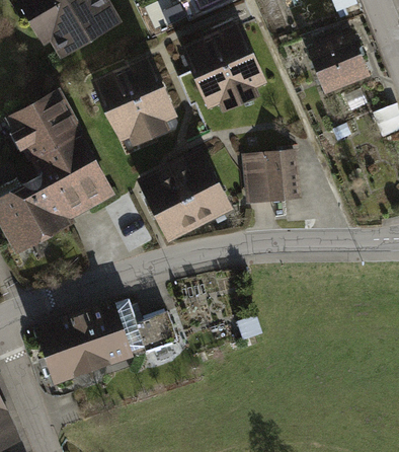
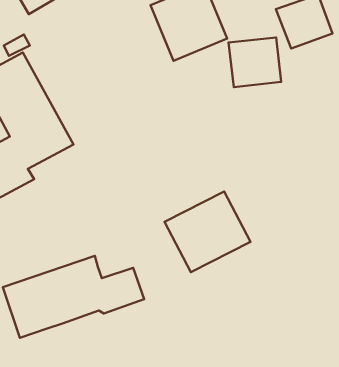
building: [96,61,174,140] -> none
building: [247,154,300,204] -> [229,38,281,87]
building: [142,156,228,237] -> [165,191,251,272]

